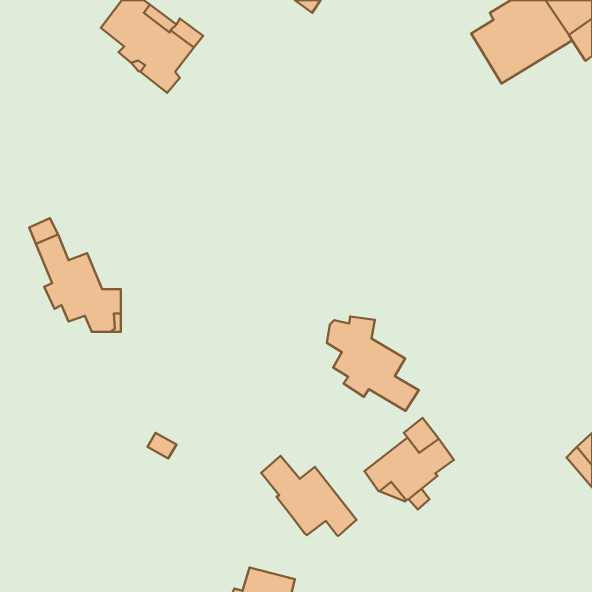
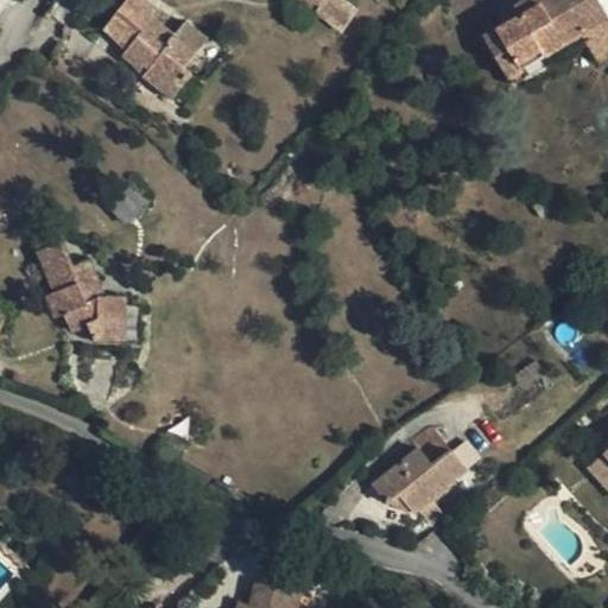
building: [327,317,419,411] -> none
building: [261,456,356,536] -> none

